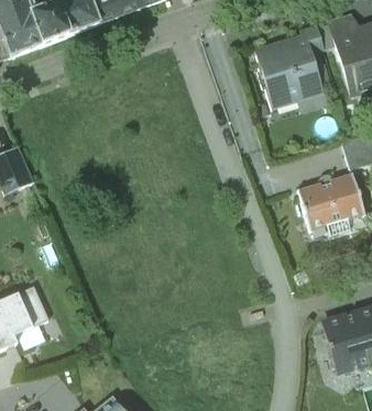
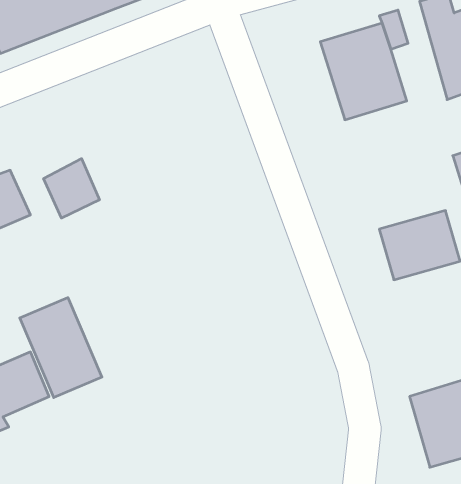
building: none -> [44,159,99,218]
building: none -> [20,298,102,398]

